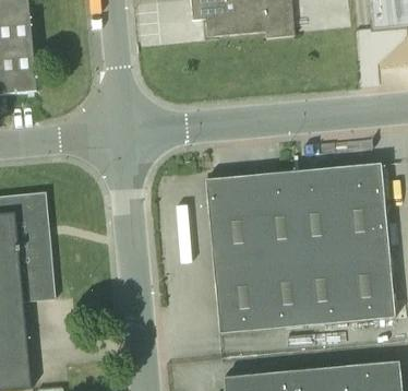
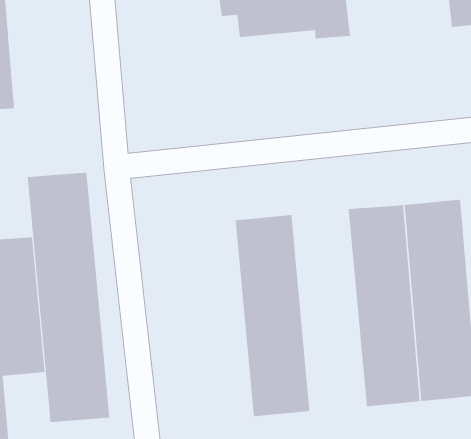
building: none -> [27,172,110,423]
building: [249,170,307,329] -> none

